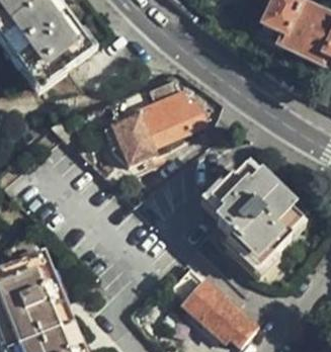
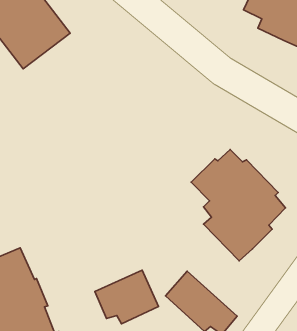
building: [103,75,208,166] -> none
building: none -> [95,270,158,324]

